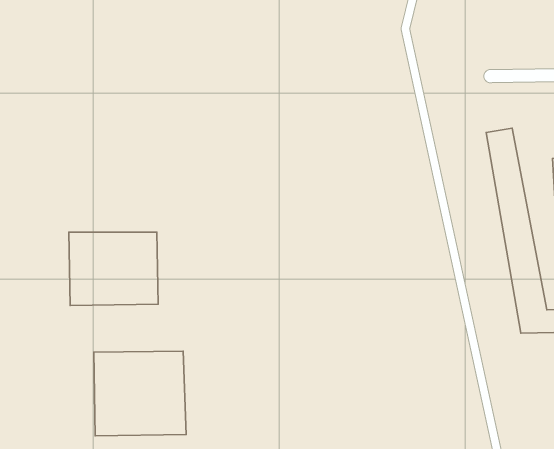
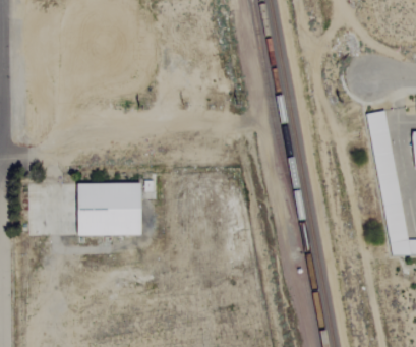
building: [94,351,186,436] -> none

